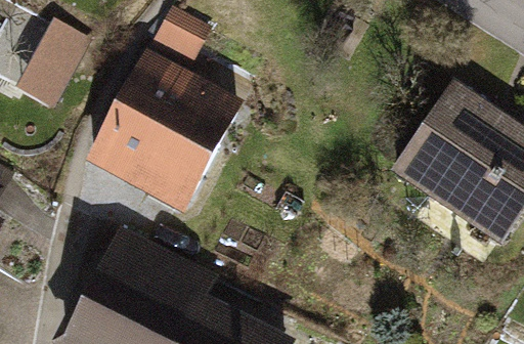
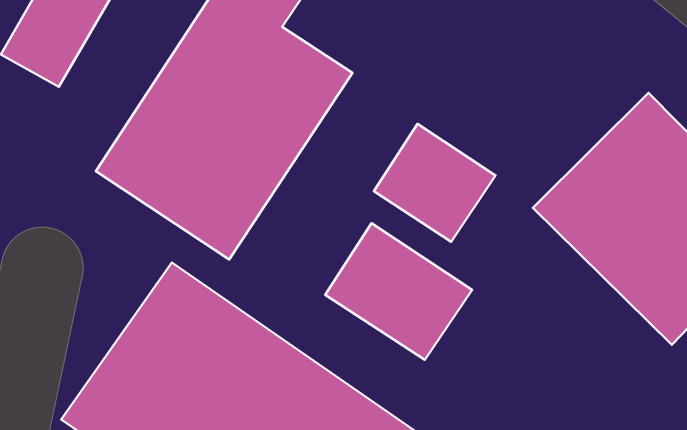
building: none -> [374,124,496,242]
building: none -> [325,223,472,360]

